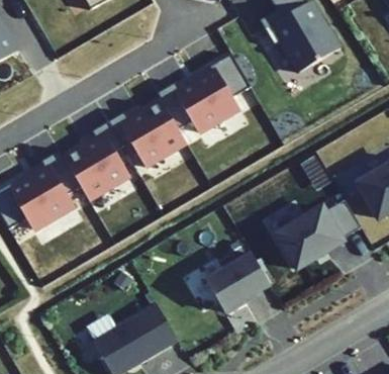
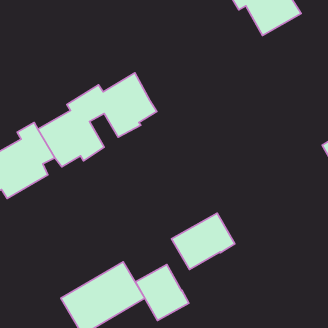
building: [162,63,255,139] -> none
building: [275,197,359,266] -> none
building: none -> [135,264,189,321]

